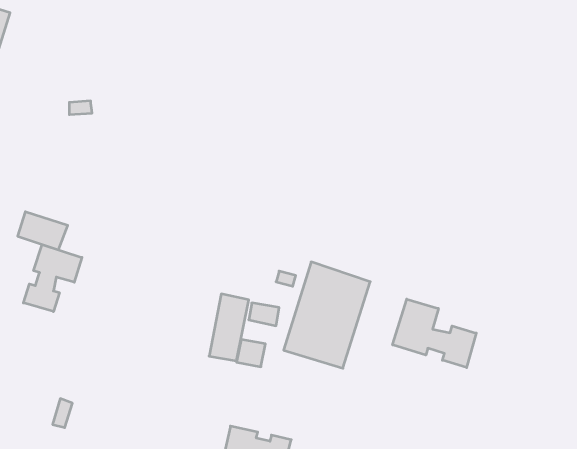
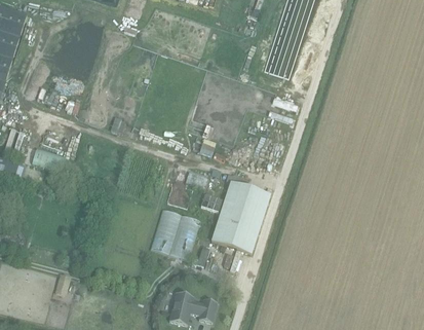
building: [23,245,82,312] -> none
building: [393,299,476,368] -> none

